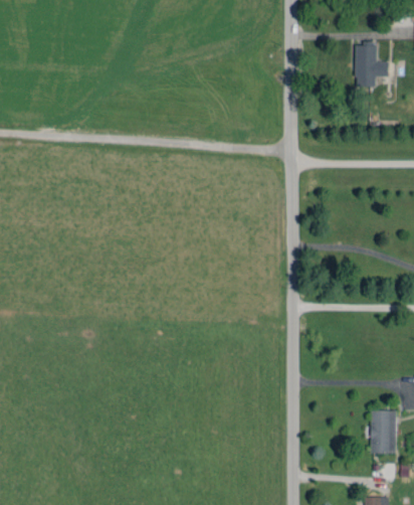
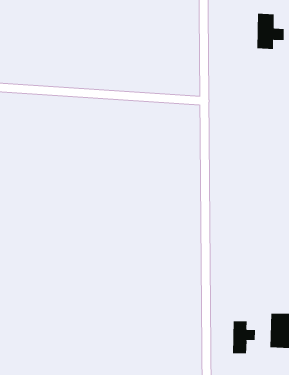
building: none -> [233,321,256,354]

